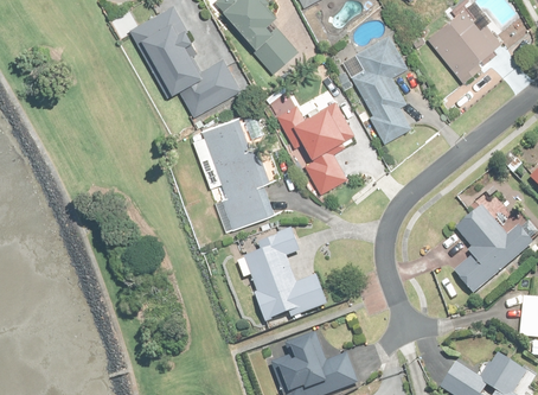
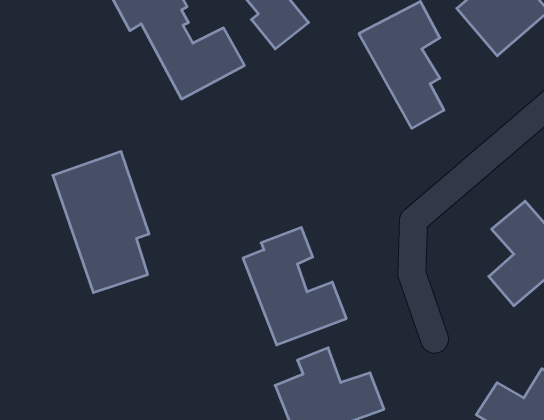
building: [275,96,358,193] -> none
building: [192,110,274,230] -> [53,152,149,293]

